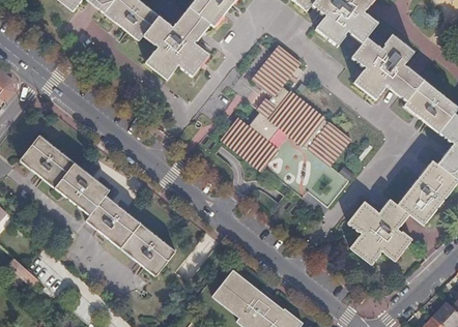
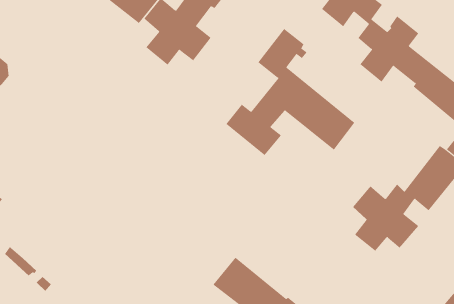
building: [22,136,175,275] -> none

